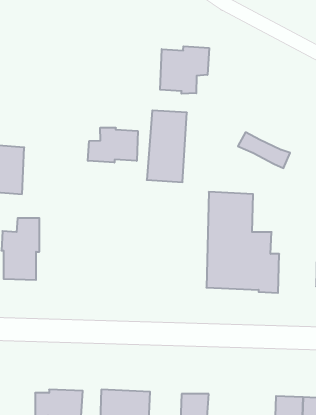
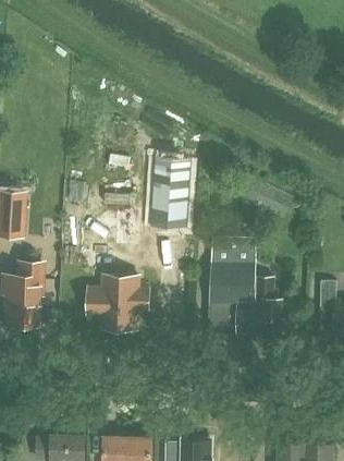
building: [160,46,209,94] -> none
building: [88,128,138,163] -> none
building: none -> [91,275,144,328]

